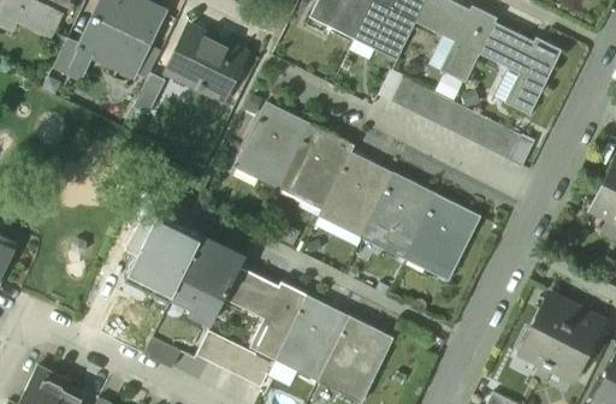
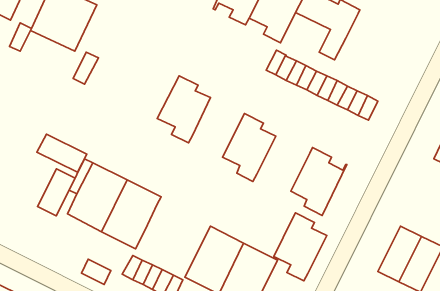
building: [479,24,562,115] -> none
building: [166,26,244,100] -> none
building: [284,125,350,210] -> none
building: [366,173,433,260] -> [274,213,327,281]
building: none -> [37,134,87,172]
building: none -> [38,169,75,216]
building: [224,267,307,360] -> none

